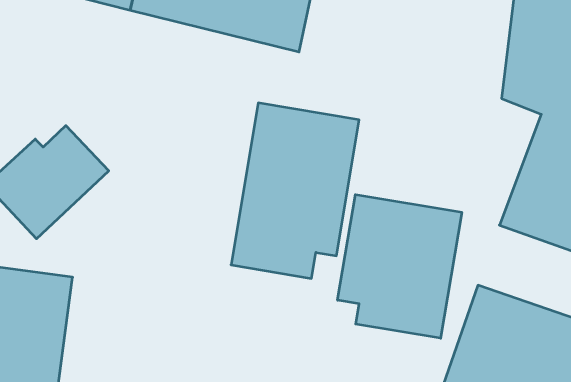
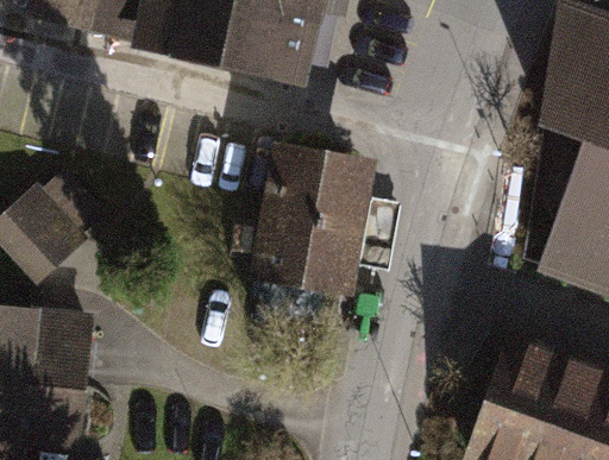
building: [338,195,462,338] -> none

